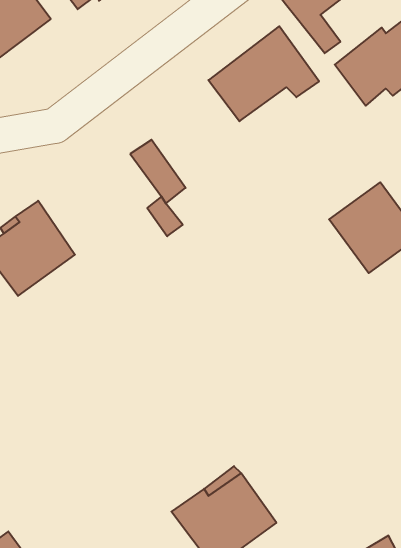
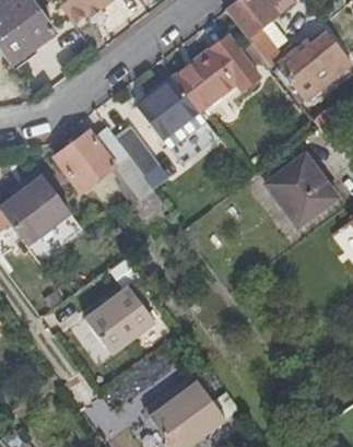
building: none -> [137,79,205,150]
building: none -> [57,132,116,192]
building: none -> [84,287,154,354]

